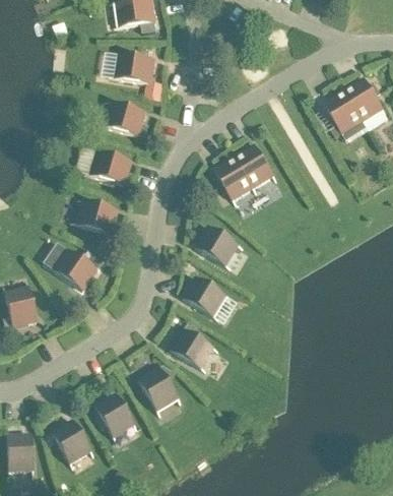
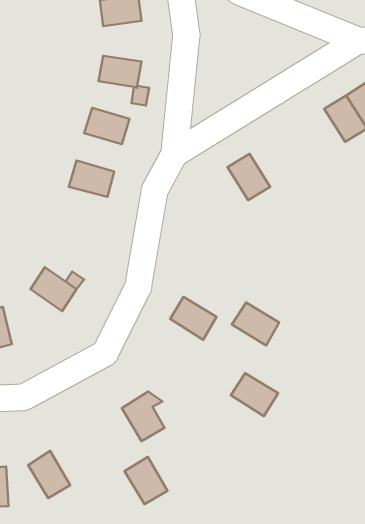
building: [215,157,255,199] -> none
building: [76,200,118,233] -> none
building: [194,226,238,265] -> [232,303,279,346]
building: [170,328,213,368] -> [231,373,278,416]
building: [94,392,134,436] -> [125,457,168,504]

